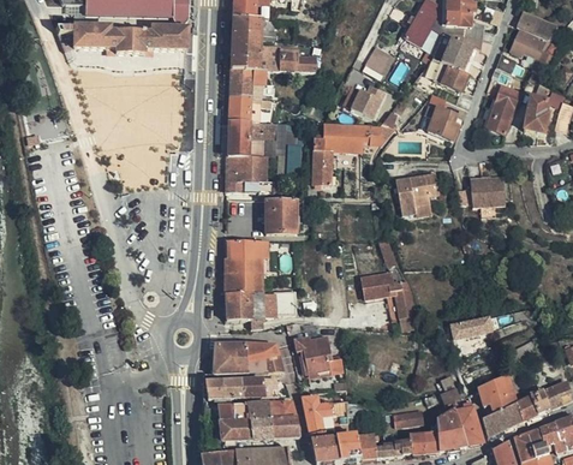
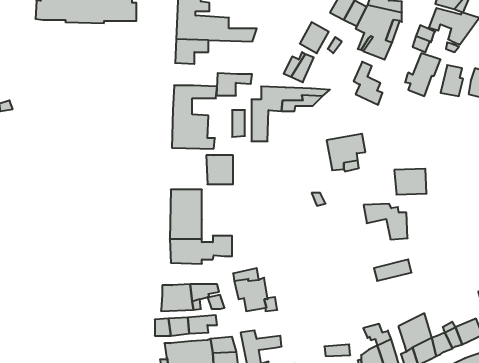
building: [227,95,267,120] -> [217,73,252,96]
building: [473,174,509,203] -> [394,169,427,195]
building: [365,275,414,315] -> [364,204,408,239]

